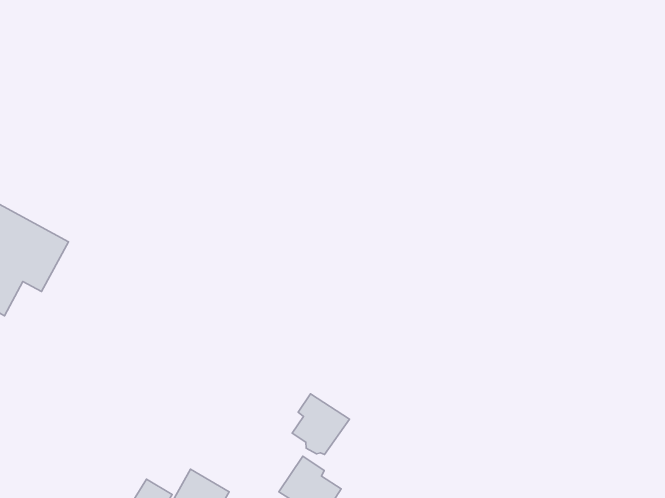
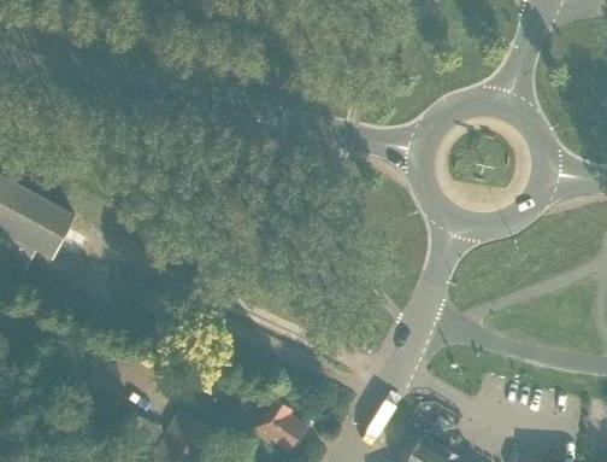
building: [292,394,349,455] -> none

